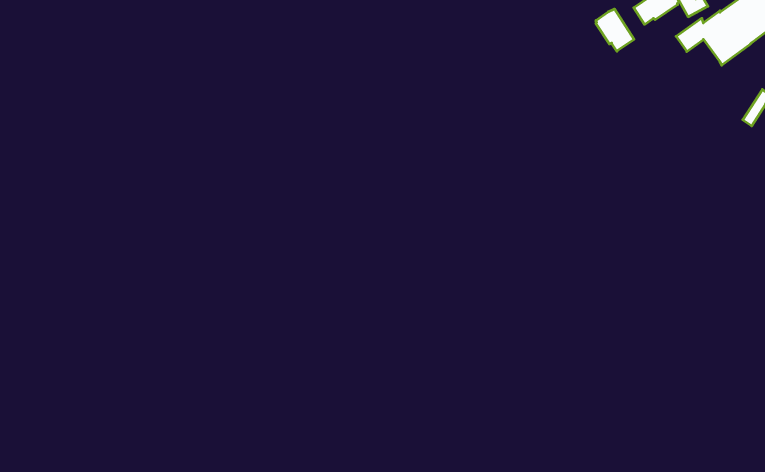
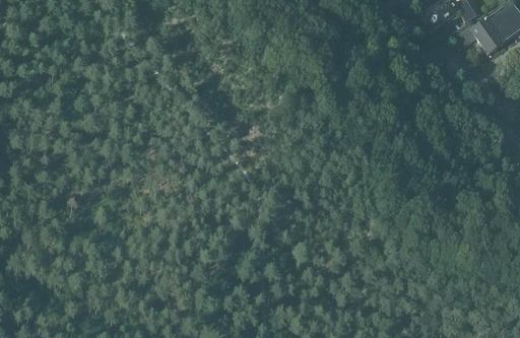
building: [596,9,634,51] -> none

